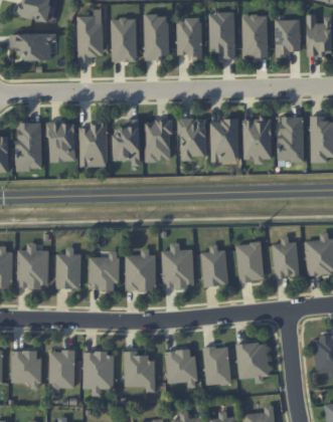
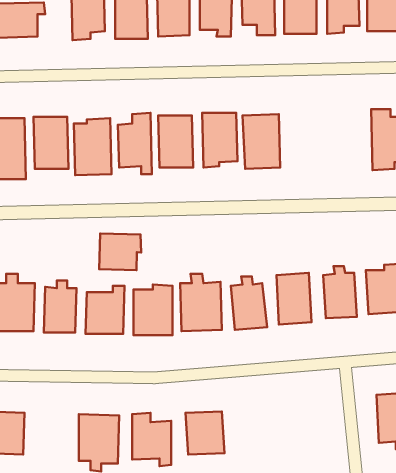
building: [279,117,304,161] -> none
building: [243,119,272,162] -> none
building: none -> [99,233,141,270]
building: [237,343,269,380] -> none
building: [203,346,231,386] -> none
building: [49,350,75,389] -> none

